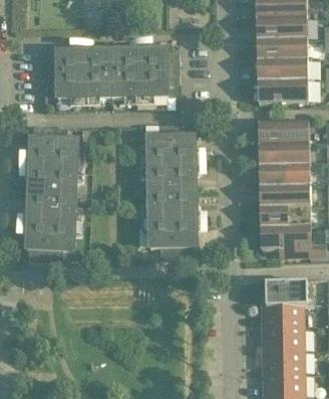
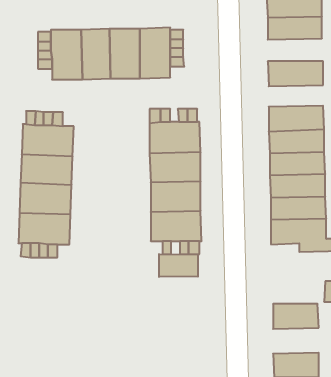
building: [257,58,308,79] -> none
building: none -> [159,254,198,277]
building: [261,280,307,305] -> none
building: [262,327,304,351] -> none

